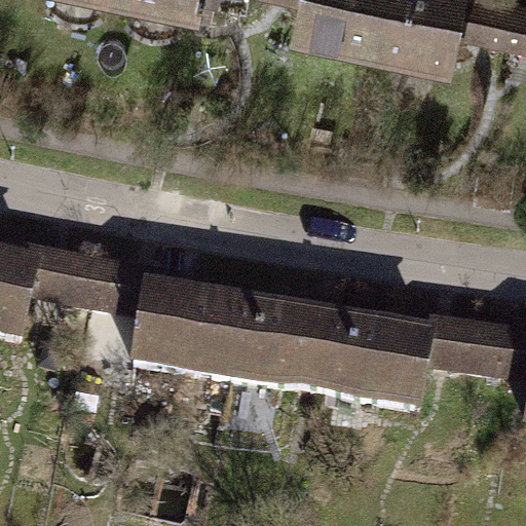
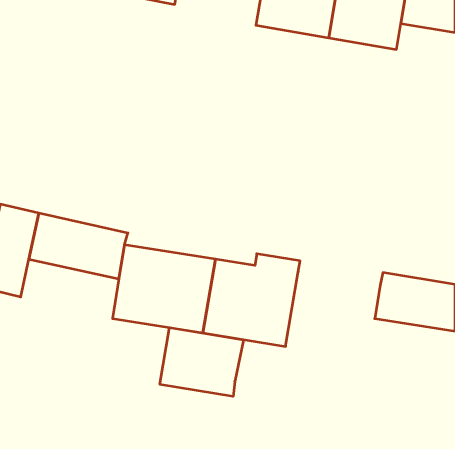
building: [326,310,434,411] -> none
building: none -> [160,328,243,396]

